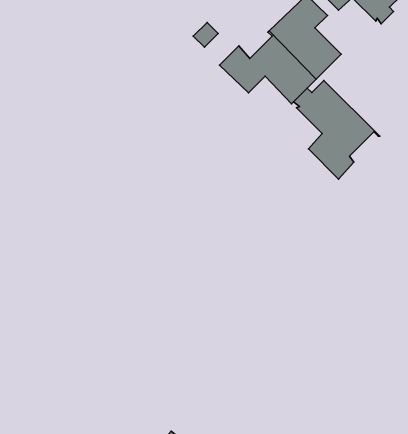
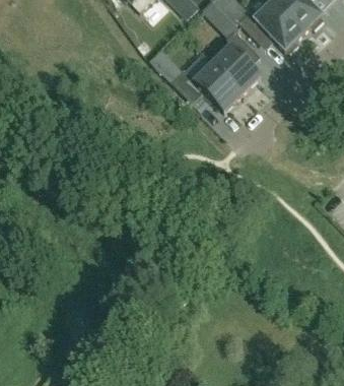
building: [293,80,380,179] -> none

